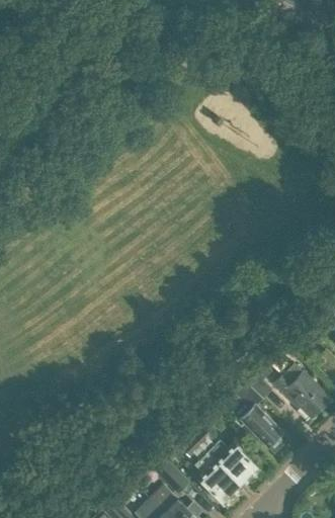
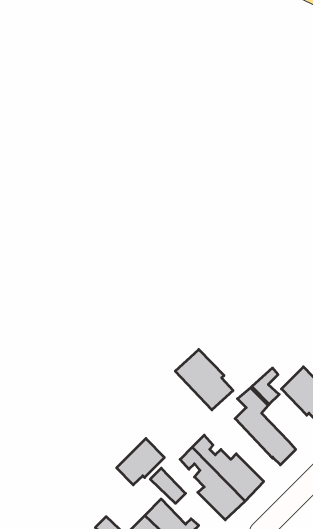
building: none -> [175,349,233,410]
building: none -> [117,438,164,485]

